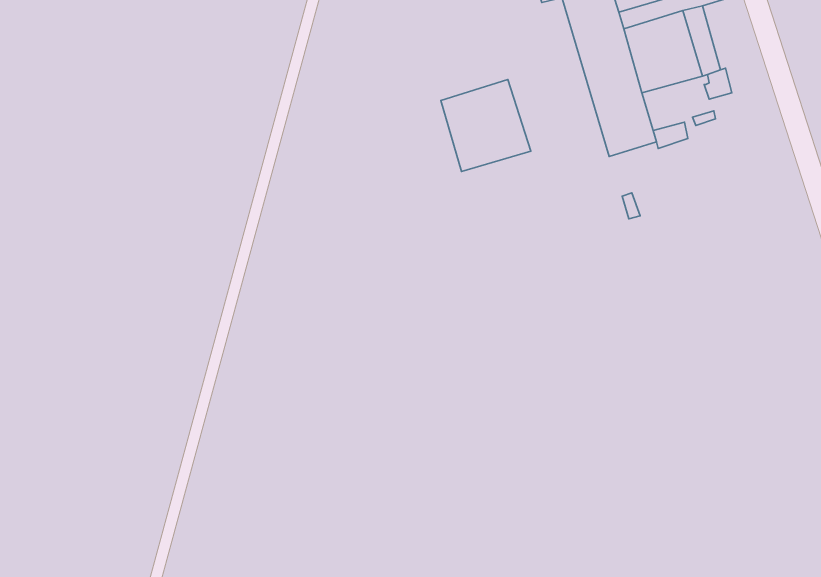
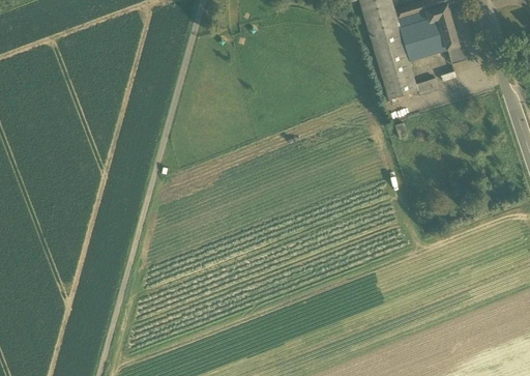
building: [441,79,531,172] -> none

